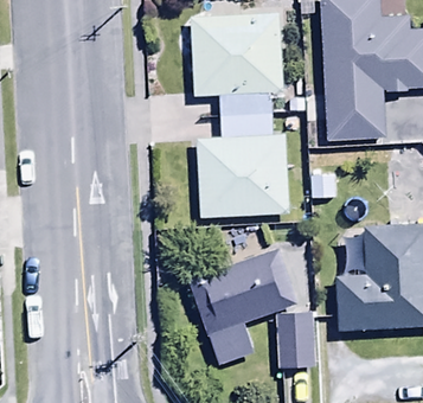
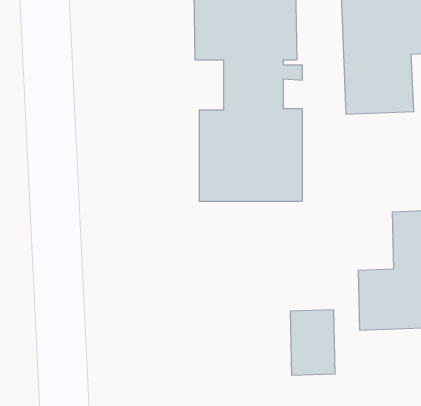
building: [188,249,296,364] -> none

